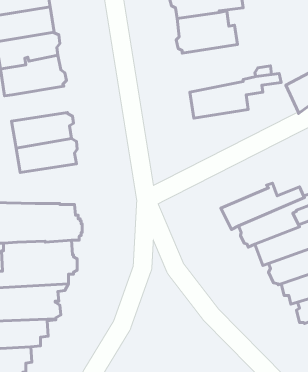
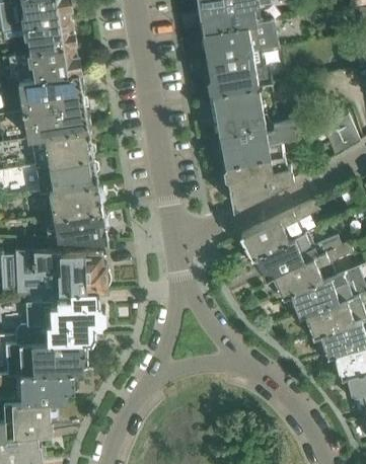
building: none -> [214,86,278,136]
building: none -> [33,130,97,166]
building: none -> [226,154,293,209]
building: none -> [240,202,317,259]
building: none -> [45,211,108,242]

